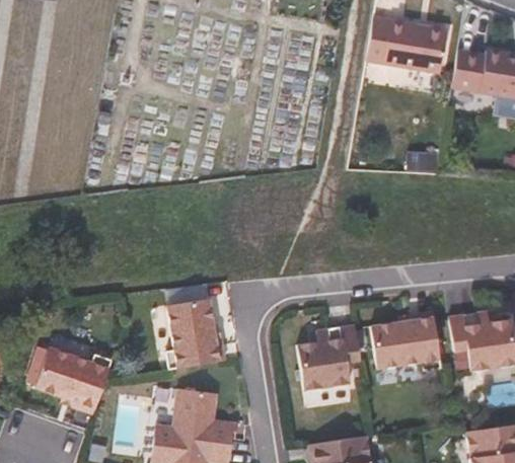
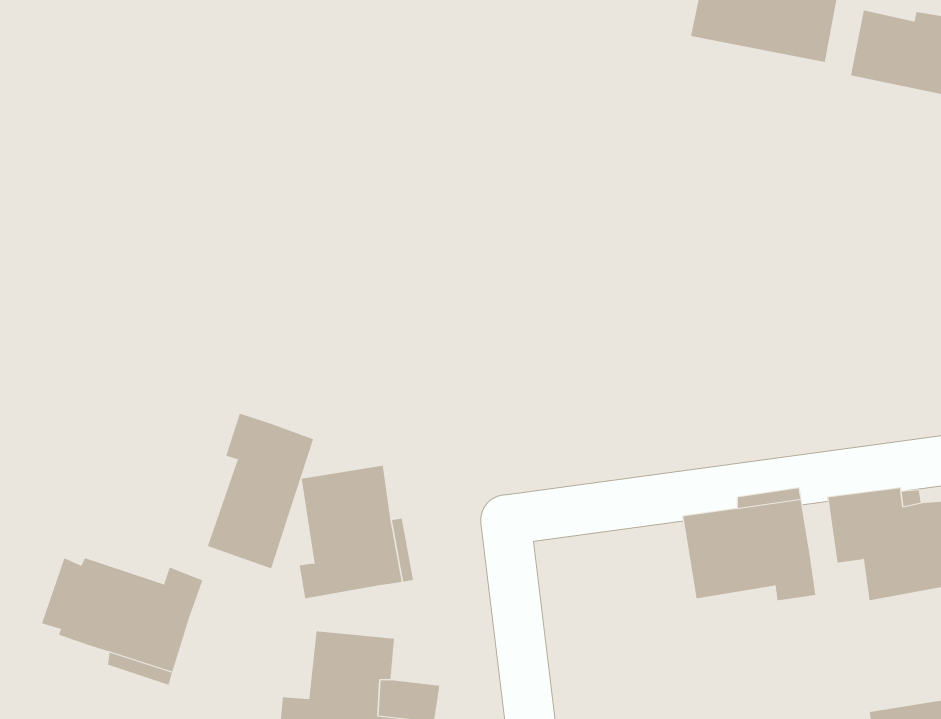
building: none -> [207,413,314,569]
building: [297,324,361,390] -> none

